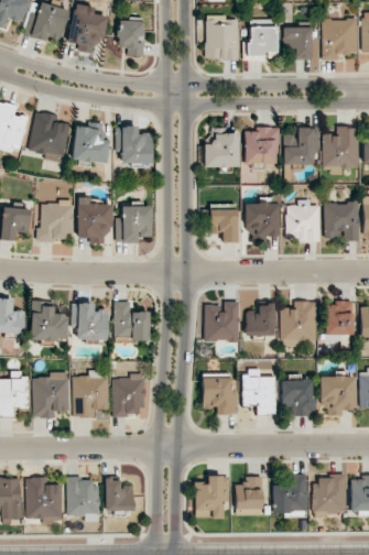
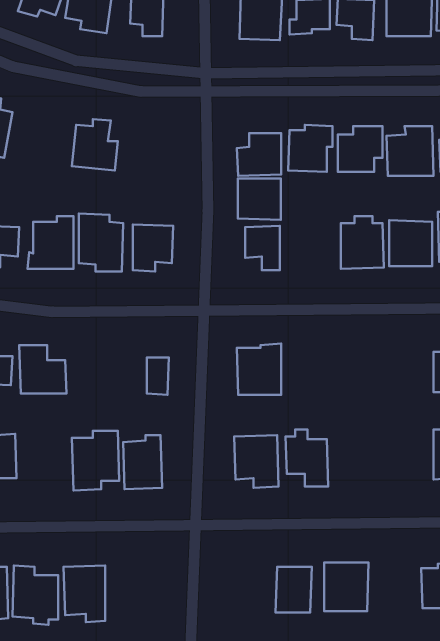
building: [29,110,70,162] -> none
building: [121,126,153,164] -> none
building: [246,203,280,236] -> [238,178,281,220]
building: [115,301,130,335] -> none
building: [281,301,317,344] -> none
building: [325,301,354,335] -> none
building: [77,303,108,340] -> none
building: [246,304,274,336] -> none
building: [33,372,70,417] -> none
building: [323,376,356,416] -> none
building: [283,380,314,415] -> none
building: [314,475,346,514] -> none
building: [194,476,230,519] -> none
building: [105,479,133,511] -> none

